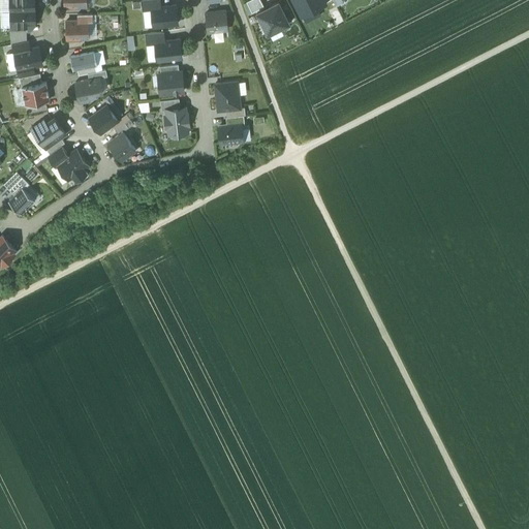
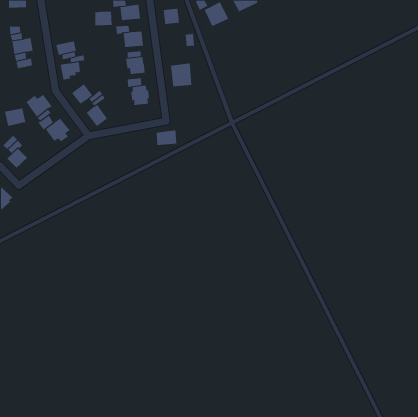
building: [10,10,35,27] -> none
building: [66,22,89,40] -> [95,11,113,26]
building: [22,83,50,106] -> [4,108,26,126]
building: [218,123,245,143] -> [156,130,177,145]

